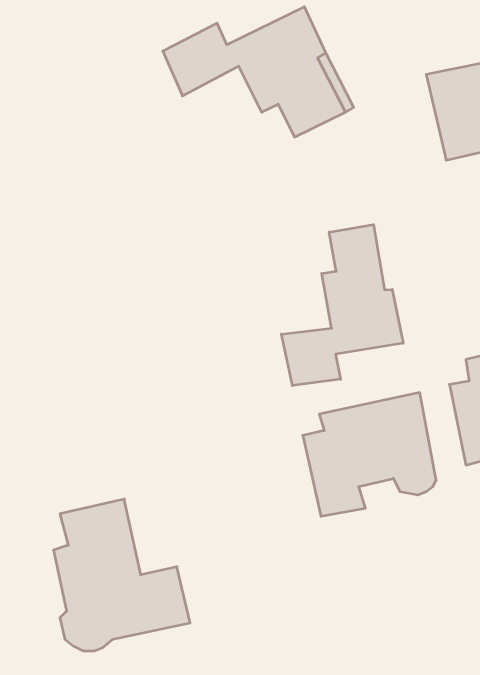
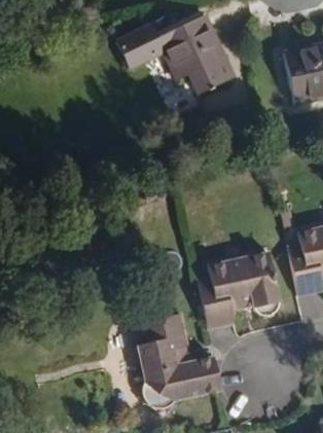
building: [281,225,403,386] -> none
building: [53,499,190,651] -> [135,308,220,402]

